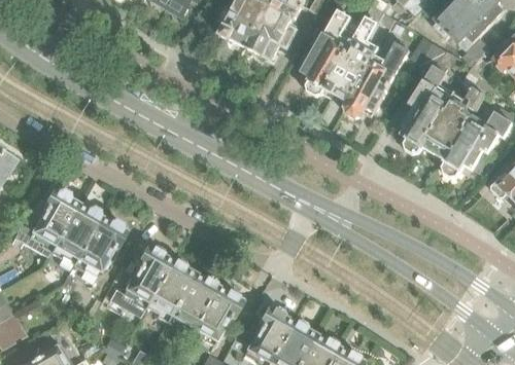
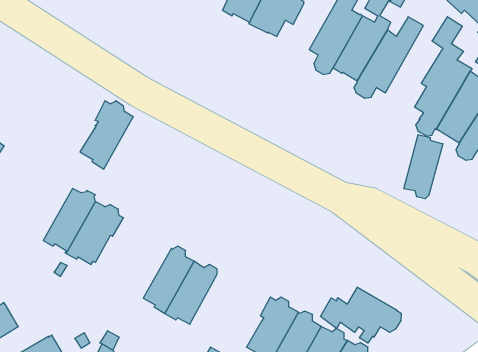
building: none -> [404,135,443,199]
building: [26,189,76,254] -> [80,101,133,169]
building: [119,247,170,311] -> none
building: [185,286,241,346] -> none
building: none -> [321,287,401,343]

